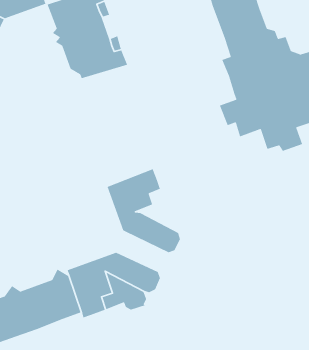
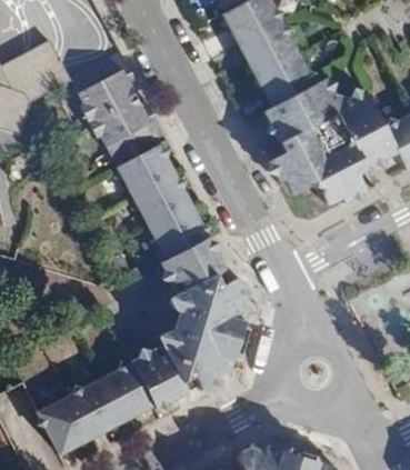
building: none -> [118,146,208,266]
building: none -> [181,260,250,374]

